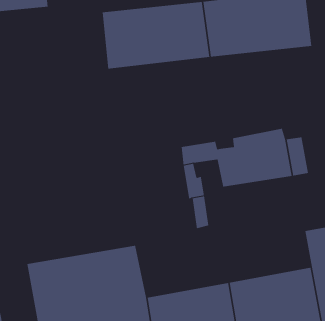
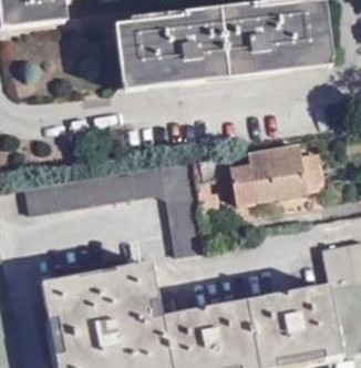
building: none -> [23,161,206,256]

